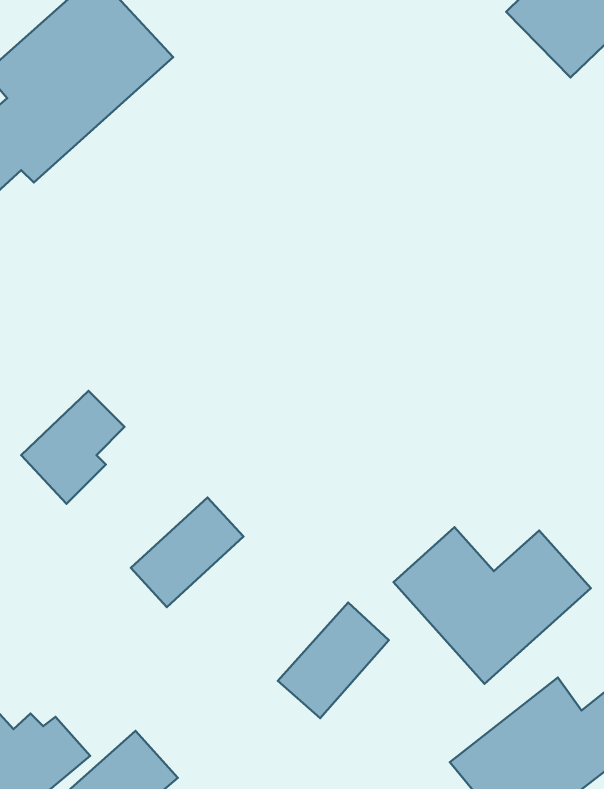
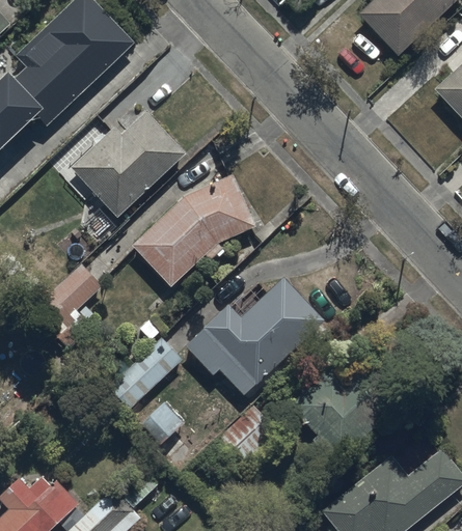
building: none -> [73,112,186,217]
building: none -> [130,176,252,286]
building: none -> [184,279,325,396]

